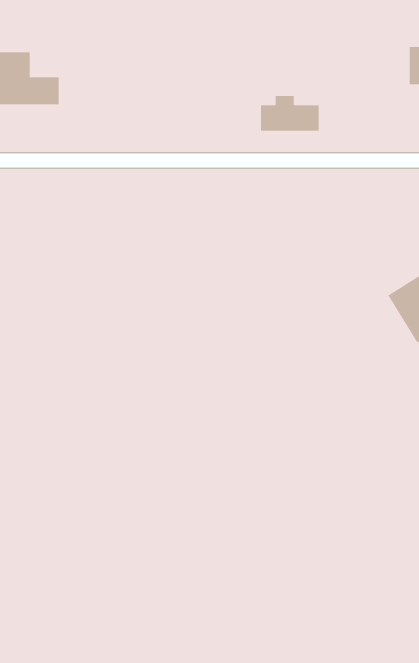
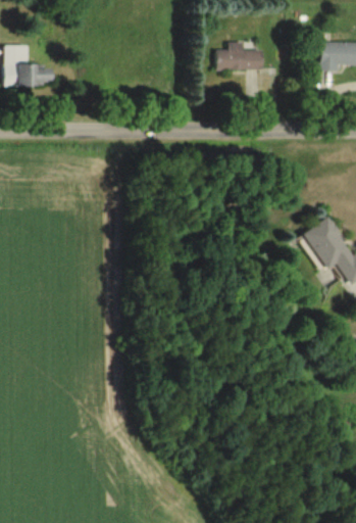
building: [260,95,320,131] -> [217,42,263,69]

